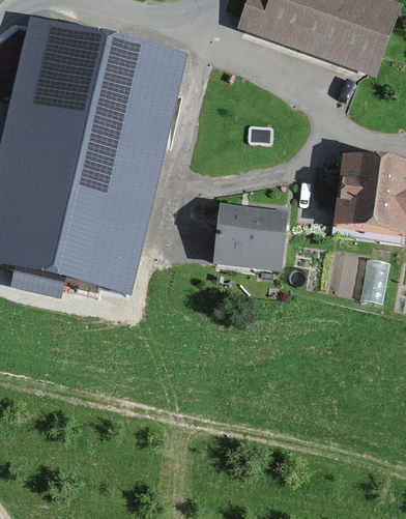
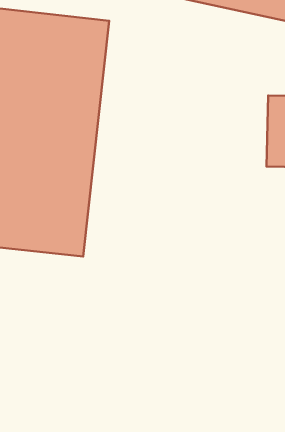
building: [213,202,288,271] -> none

